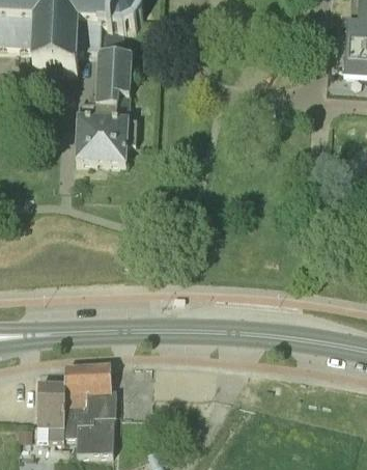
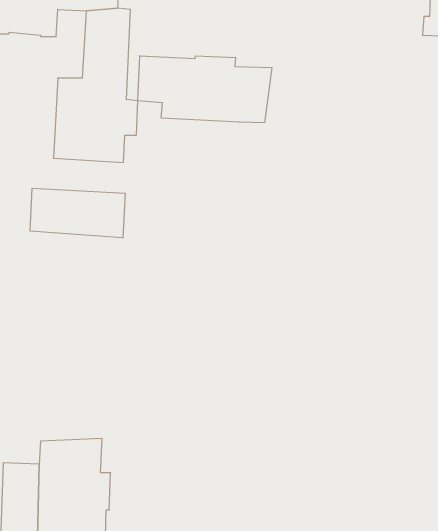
building: none -> [138,56,272,123]
building: none -> [30,188,125,238]

